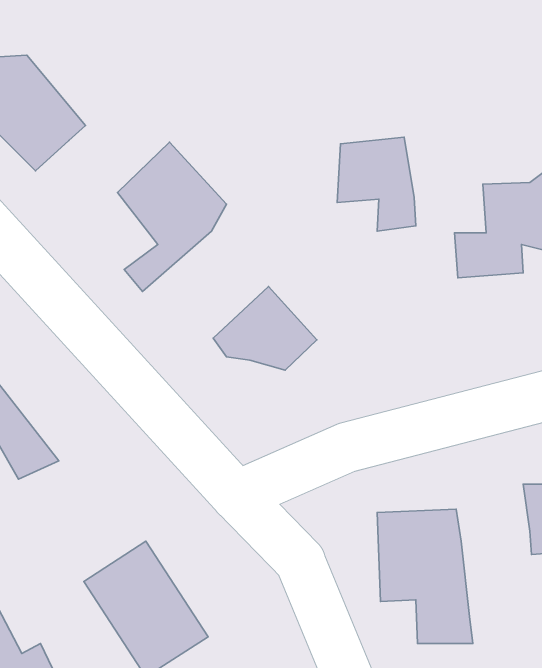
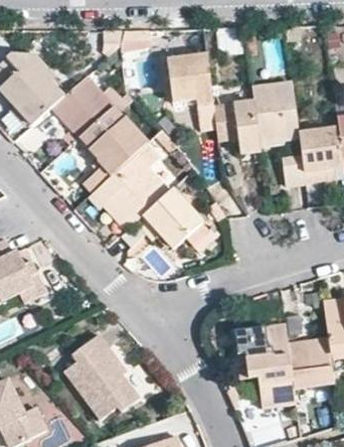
building: none -> [165,53,216,105]
building: none -> [53,74,114,134]
building: none -> [252,82,302,139]
building: none -> [98,157,173,230]
building: none -> [289,337,333,389]

